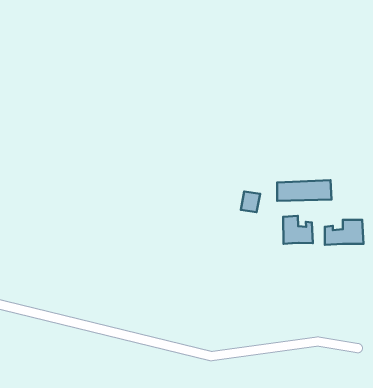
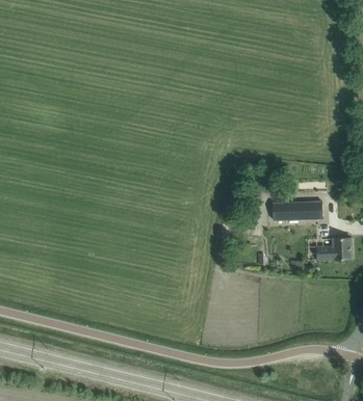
building: [283,216,313,244] -> none

